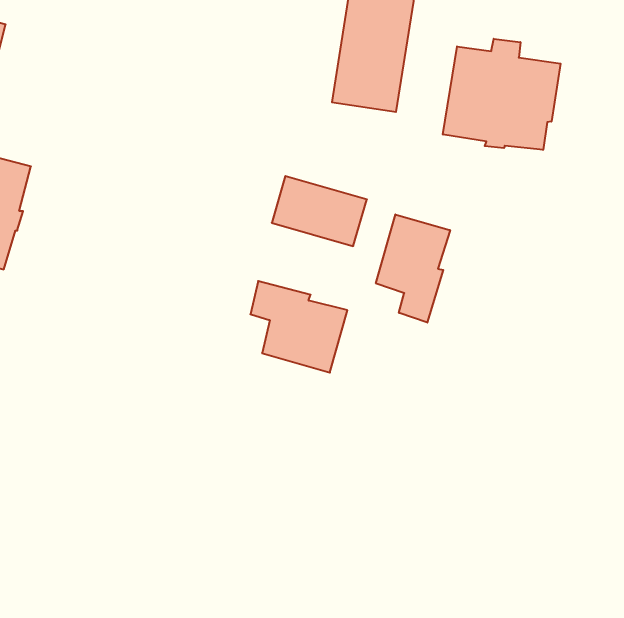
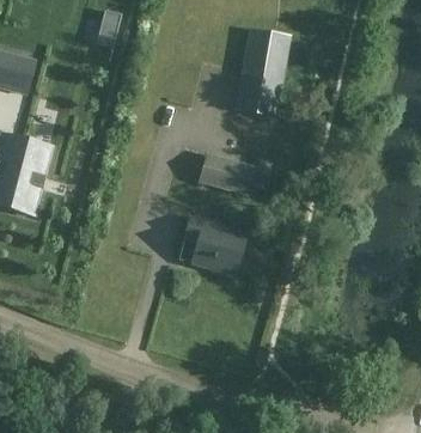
building: [443,39,561,150] -> none
building: [376,214,450,323] -> none

